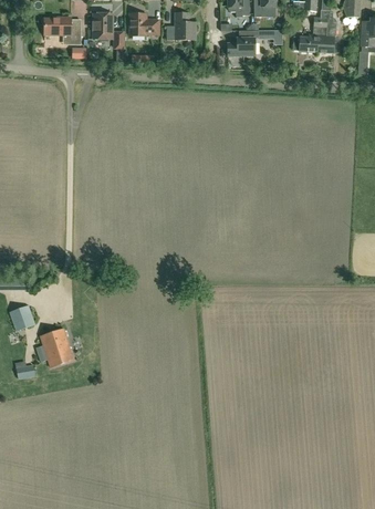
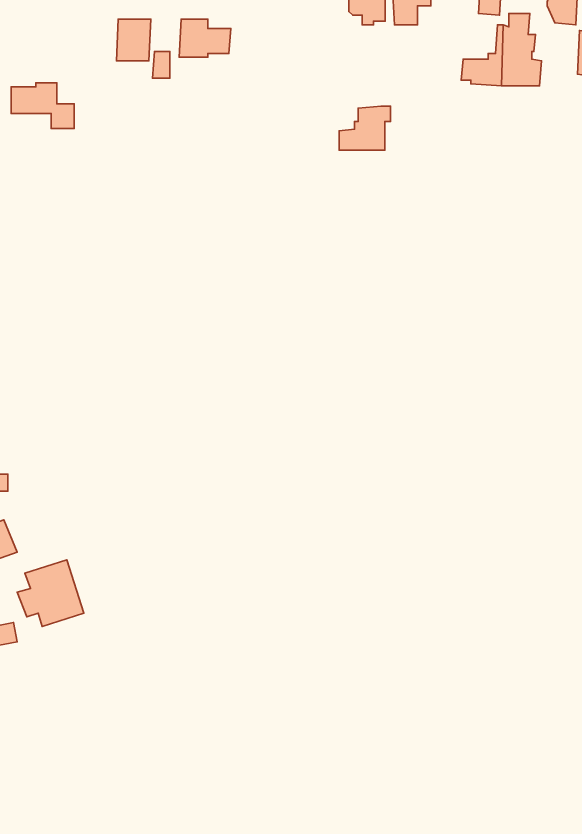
building: [166,12,196,39] -> none
building: [44,17,81,43] -> [11,83,74,129]
building: [228,29,258,54] -> [339,106,391,150]

